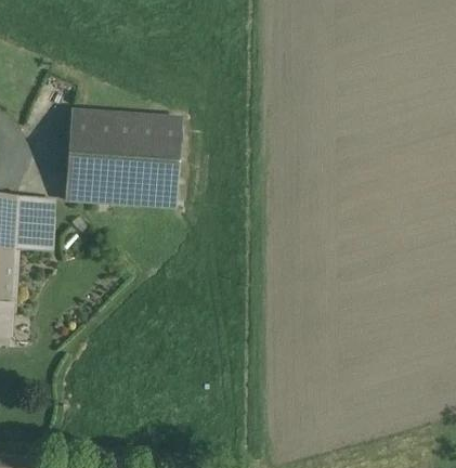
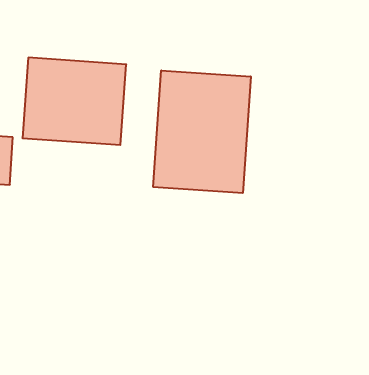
building: none -> [153,70,251,193]

